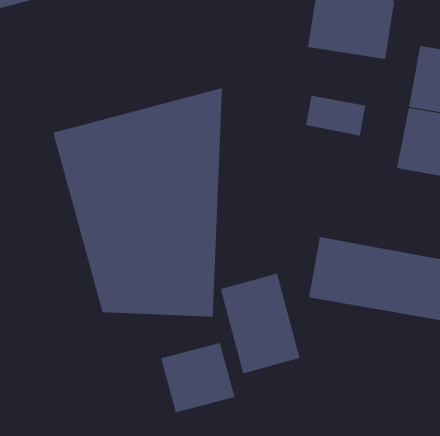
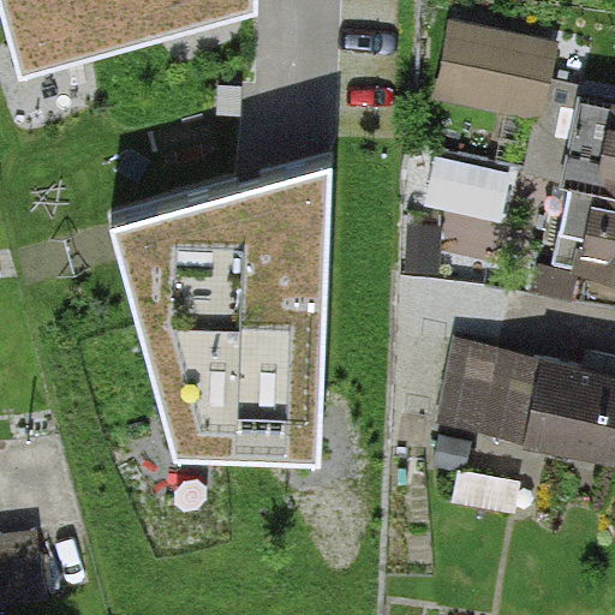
building: [220,273,300,374] -> none
building: [161,342,235,413] -> none

